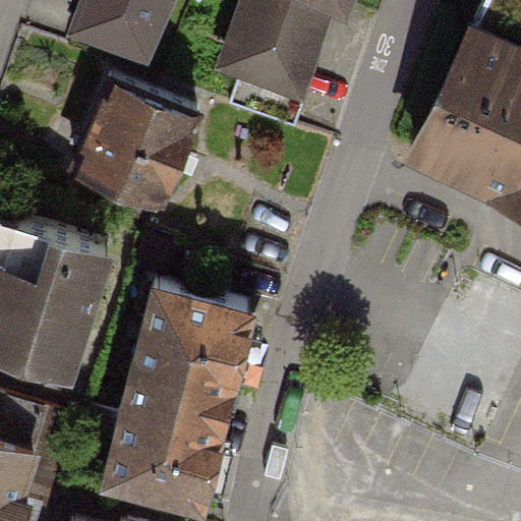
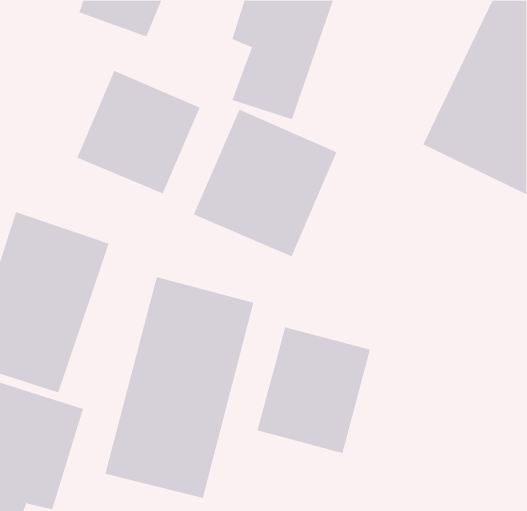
building: none -> [193,109,337,257]
building: none -> [257,327,370,454]

